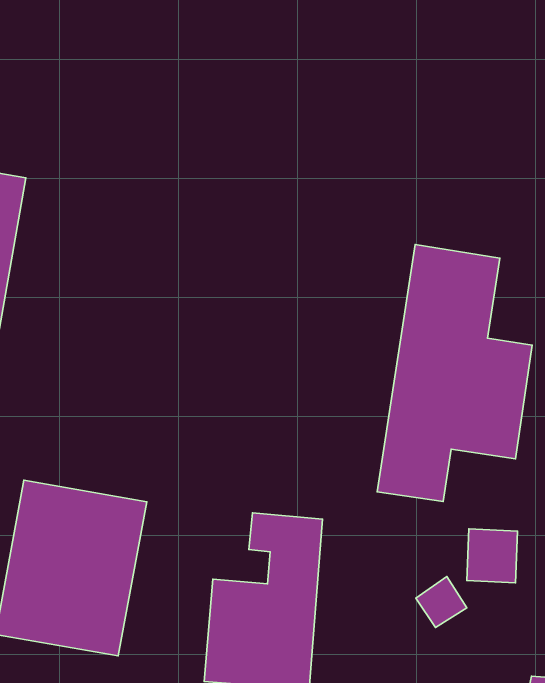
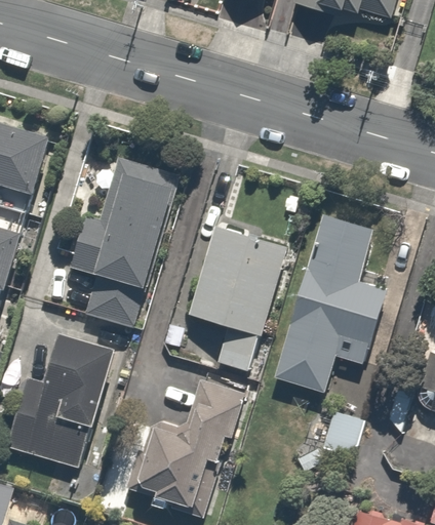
building: none -> [64,183,172,320]
building: none -> [185,227,284,374]

